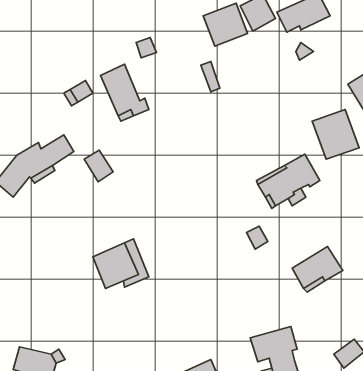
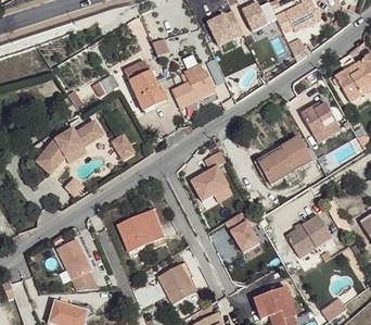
building: none -> [171,64,215,108]
building: none -> [189,149,234,211]
building: none -> [225,212,261,254]
building: none -> [52,236,102,287]
building: none -> [157,264,195,304]

